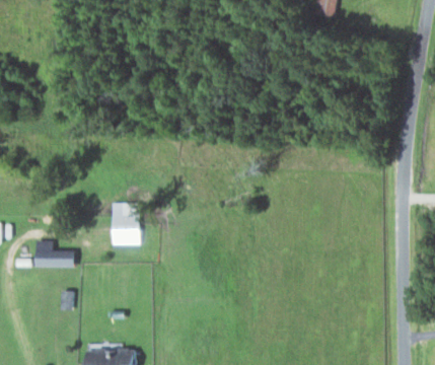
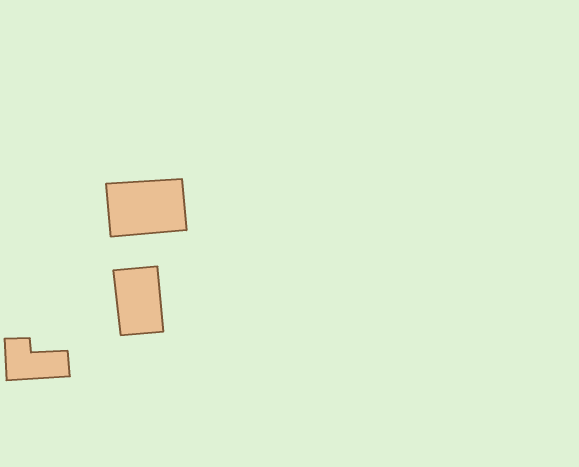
building: none -> [106,179,186,237]

